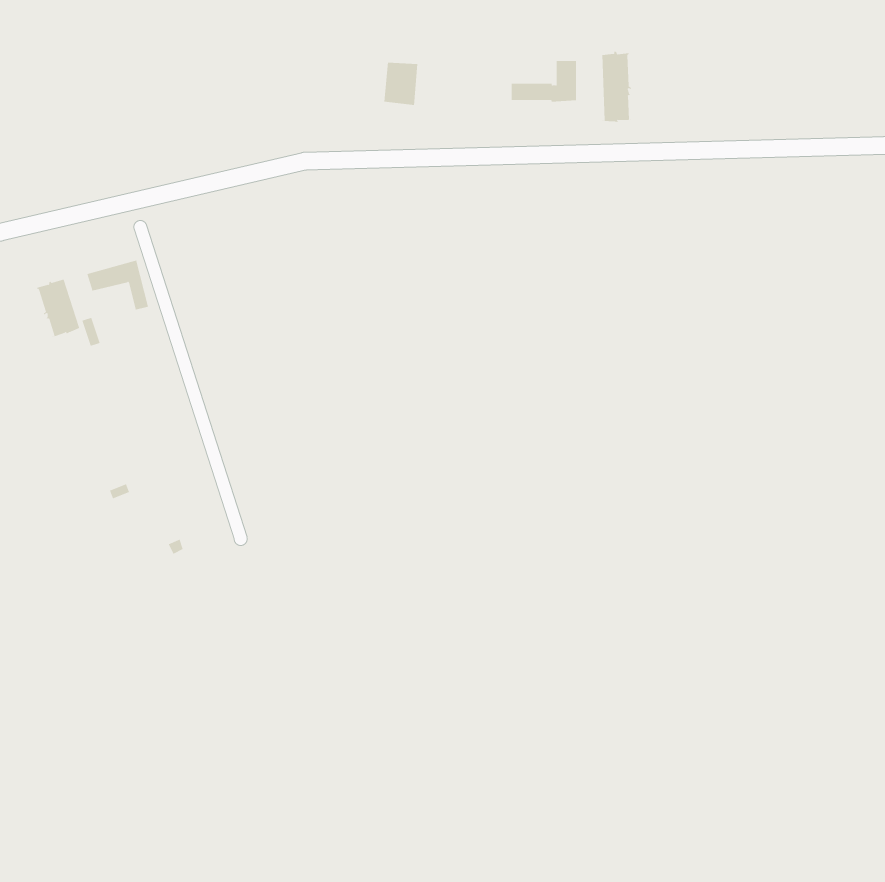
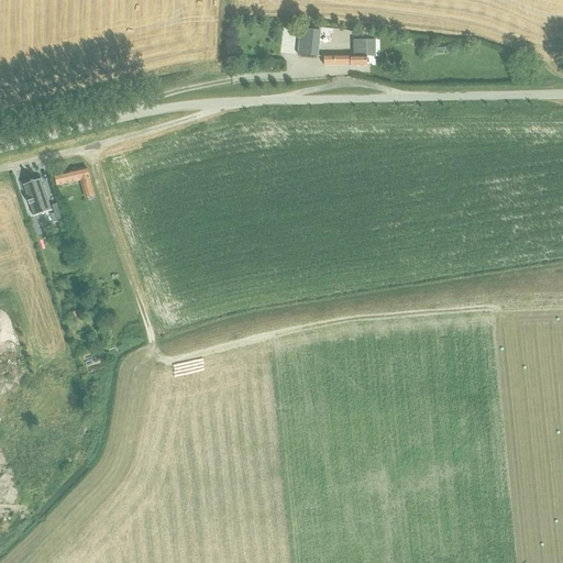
building: [602,50,632,123] -> none
building: [384,62,418,105] -> [298,27,320,55]

